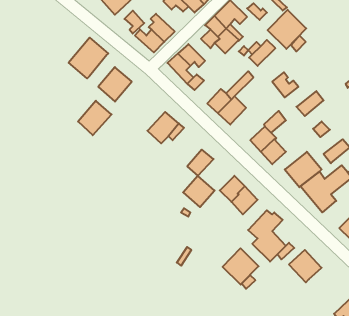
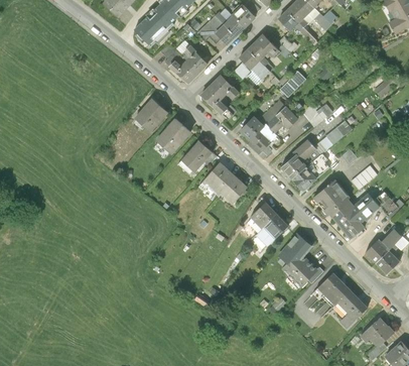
building: [268,10,306,49] -> none
building: [69,38,108,78] -> none
building: none -> [266,107,297,133]
building: [78,101,112,135] -> [158,118,190,151]
building: [183,176,215,207] -> [204,162,235,193]
building: [223,248,259,285] -> none
building: none -> [337,290,367,327]

